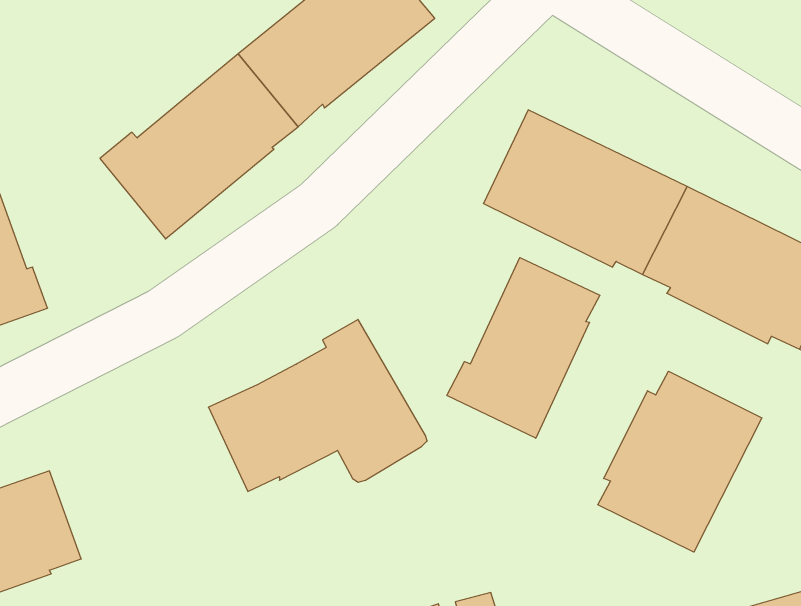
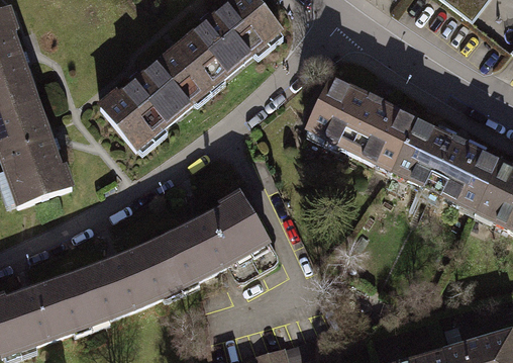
building: [447,258,600,438] -> none
building: [598,371,762,552] -> none
building: none -> [74,240,181,322]

